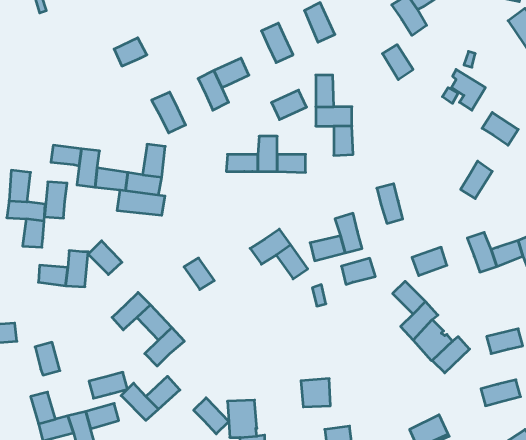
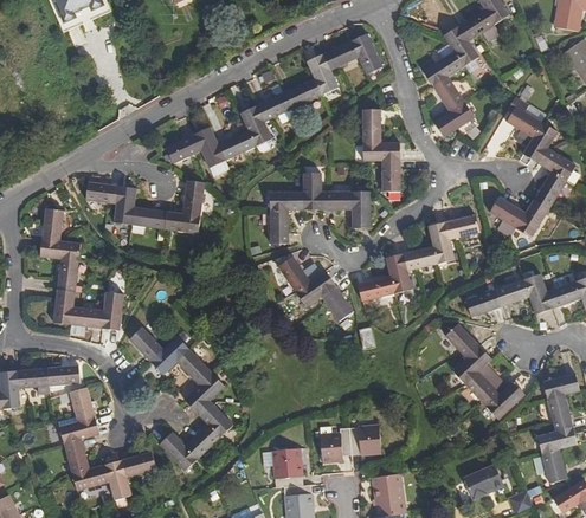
building: none -> [324,40,359,69]
building: none -> [423,50,464,85]
building: [114,38,147,66] -> [167,134,201,163]
building: none -> [436,102,475,136]
building: none -> [522,121,558,163]
building: [271,90,307,120] -> [285,77,322,108]
building: none -> [219,128,256,160]
building: none -> [533,170,565,208]
building: none -> [353,190,372,227]
building: none -> [488,196,524,227]
building: none -> [270,208,289,242]
building: none -> [445,213,479,239]
building: [44,182,67,218] -> [53,286,77,324]
building: [117,190,165,215] -> none
building: none -> [495,278,529,306]
building: [88,241,122,275] -> [129,325,165,361]
building: [184,258,214,290] -> [278,255,310,289]
building: [341,258,375,284] -> [403,244,438,271]
building: none -> [49,364,81,386]
building: none -> [547,394,573,430]
building: [89,372,127,398] -> [60,416,101,443]
building: none -> [318,427,350,462]
building: [194,398,229,434] -> [198,399,234,436]
building: none -> [541,448,567,484]

